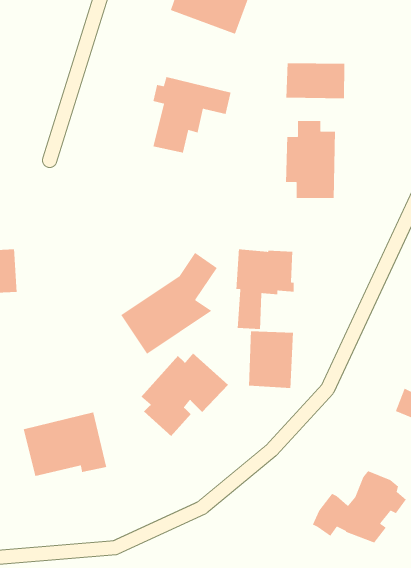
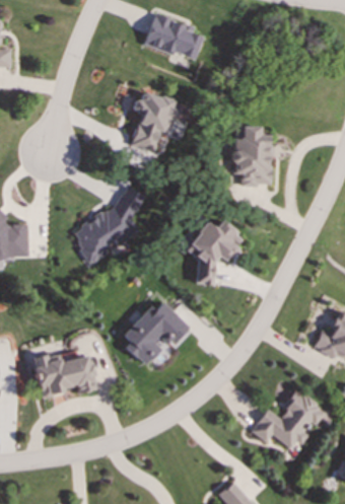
building: [286,63,345,99] -> none
building: [120,252,218,355] -> [71,186,145,264]
building: [248,330,294,389] -> none

